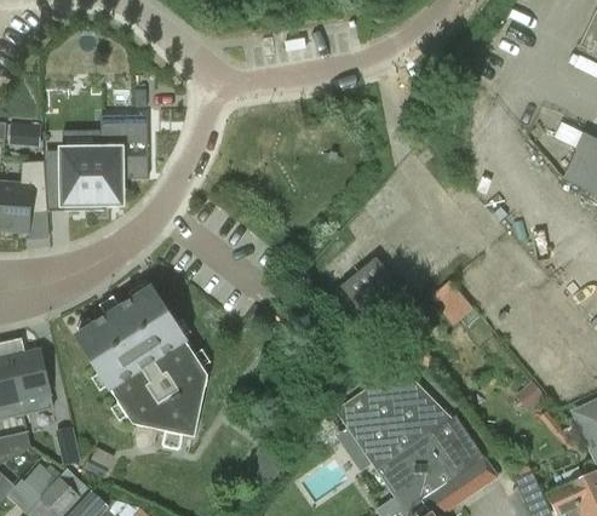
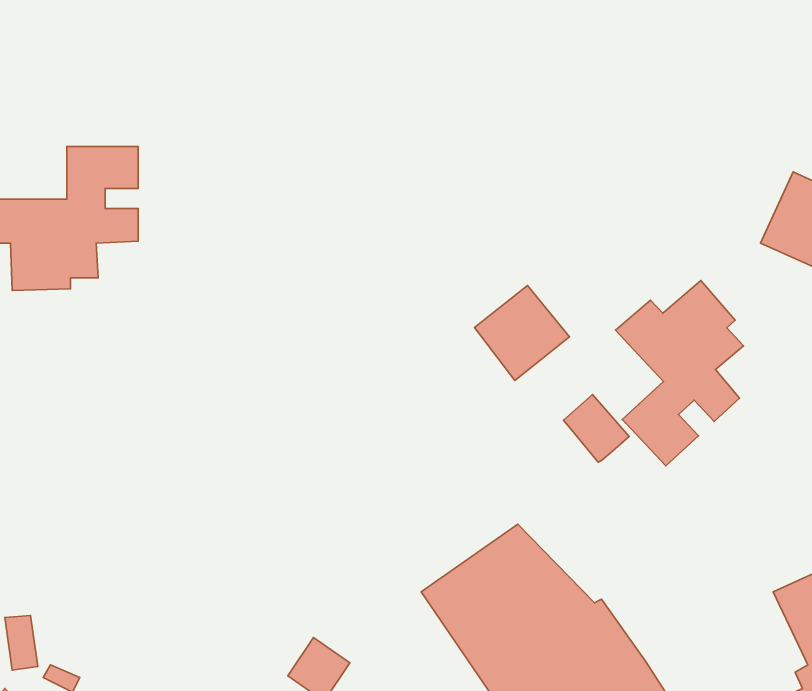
building: none -> [615,281,743,466]
building: [340,258,403,321] -> [475,286,570,381]
building: [76,288,208,437] -> none

